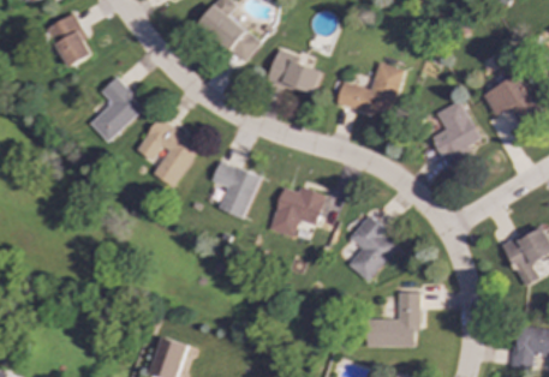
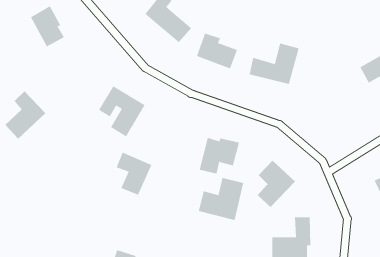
building: [89,77,144,142] -> [4,90,46,139]
building: [431,100,482,162] -> none
building: [211,160,259,217] -> [116,152,152,196]
building: none -> [198,177,244,221]

